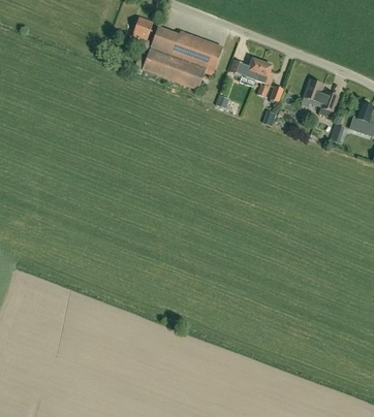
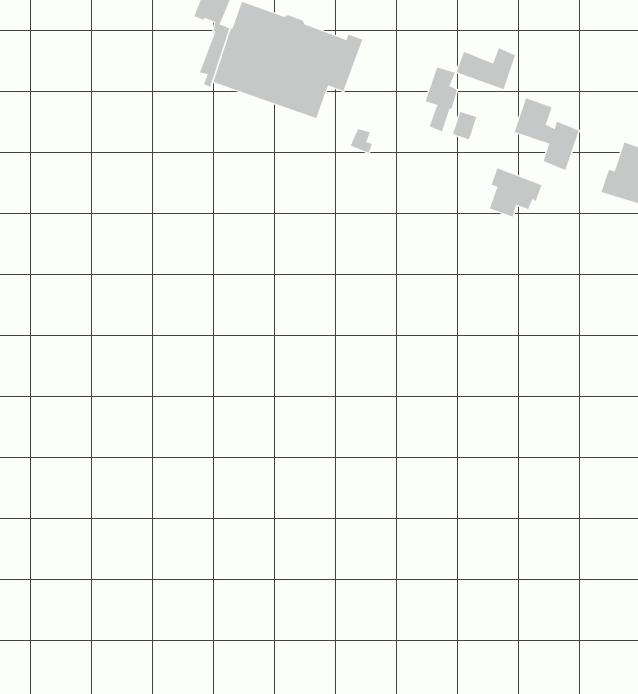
building: [230,57,262,79] -> [456,47,516,90]
building: none -> [489,168,542,217]

